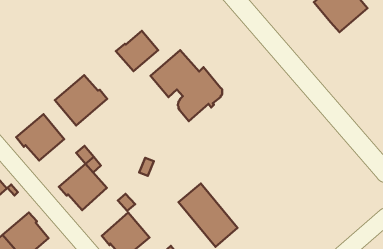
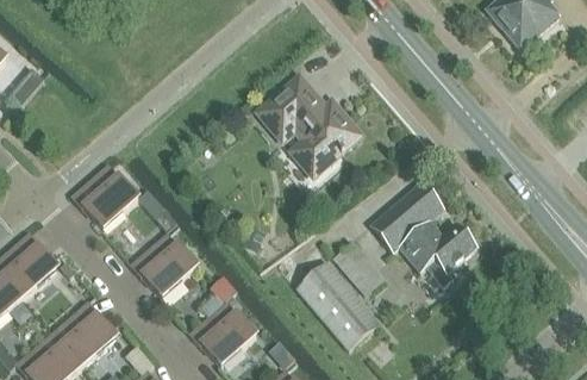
building: [116,31,158,71] -> none
building: [55,75,107,126] -> none
building: none -> [371,183,477,288]

